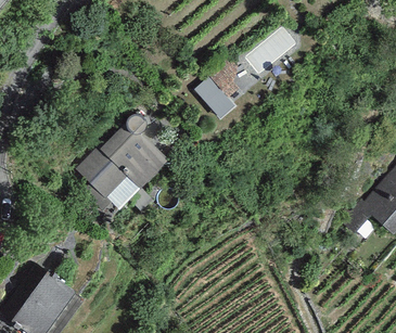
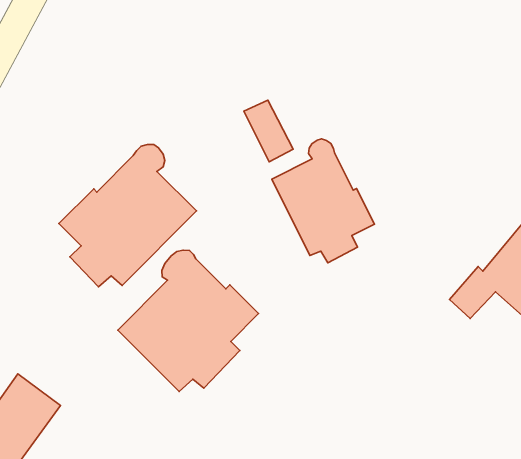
building: none -> [272,139,374,263]
building: none -> [118,250,259,392]

